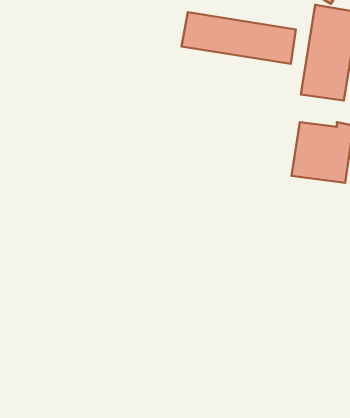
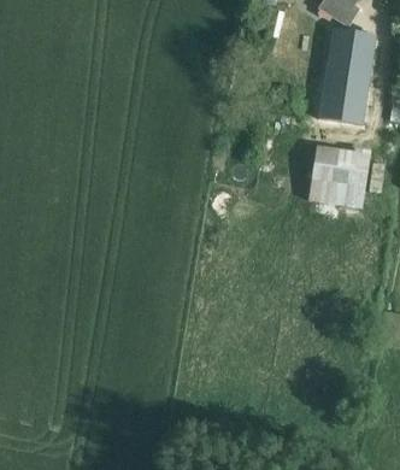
building: [181,12,296,64] -> none

